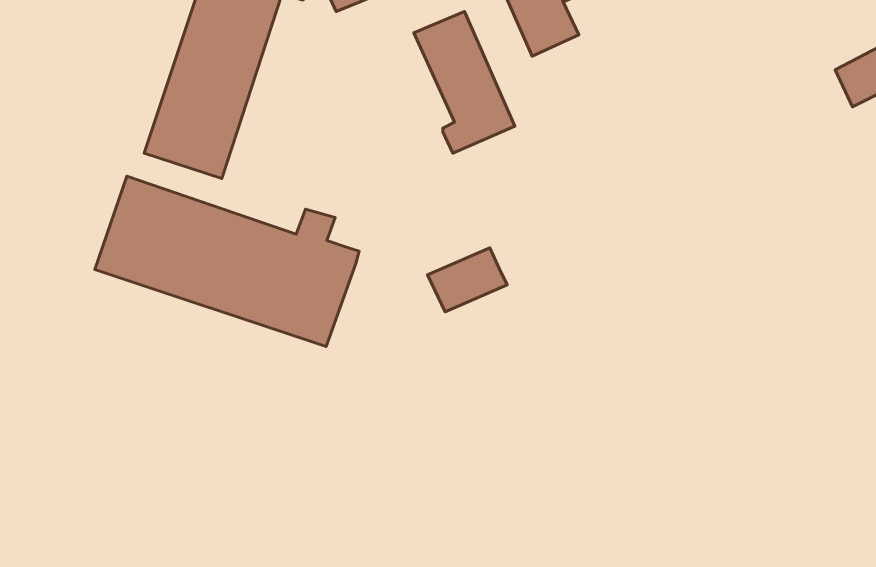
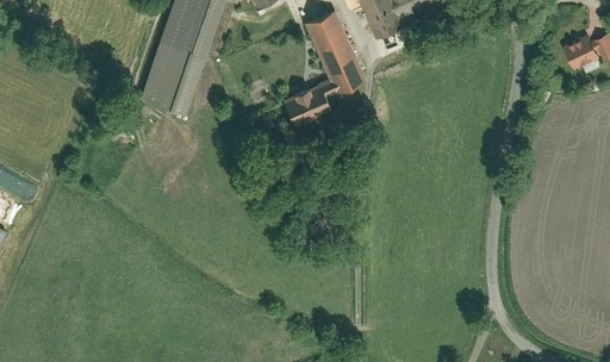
building: [95,176,359,347] -> none
building: [428,248,507,312] -> [285,87,334,126]

